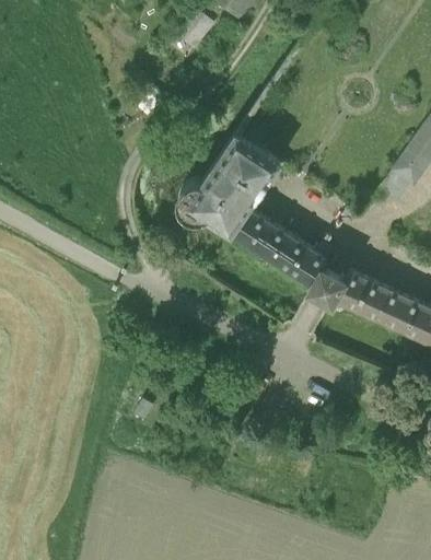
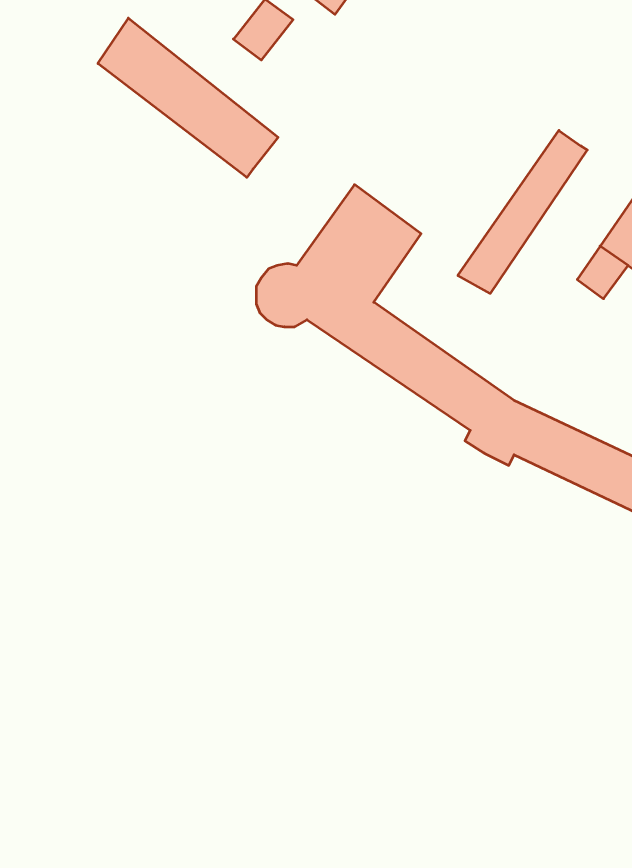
building: none -> [98,18,278,177]
building: none -> [458,130,587,293]

